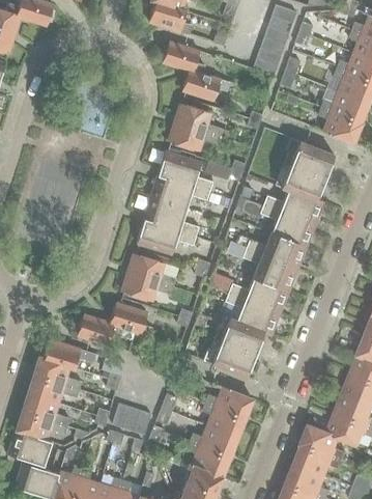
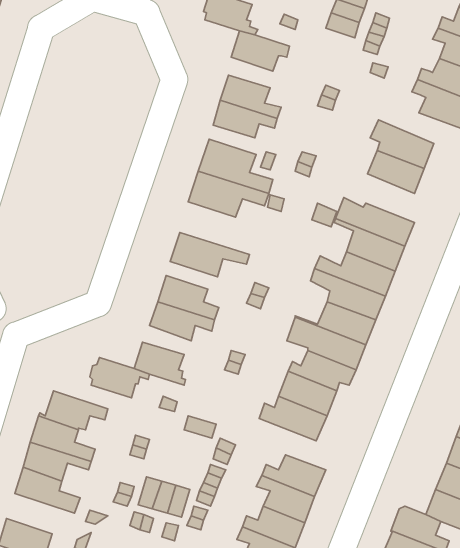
building: [280,176,324,213] -> none
building: [144,197,199,237] -> none
building: [15,415,65,445] -> none

